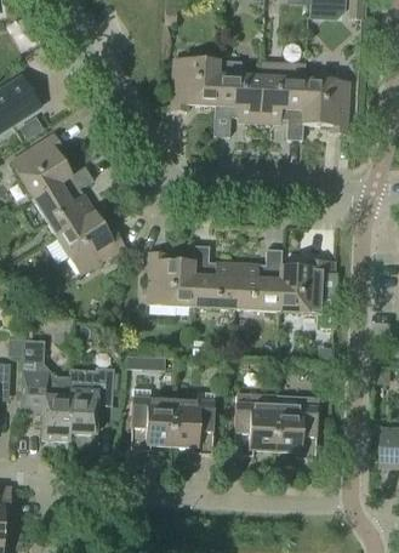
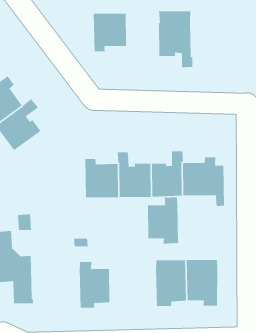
building: [215,59,260,135] -> none
building: [301,78,348,132] -> none
building: [56,210,125,273] -> none
building: [68,366,114,433] -> none
building: [171,390,215,454] -> [147,196,179,245]

